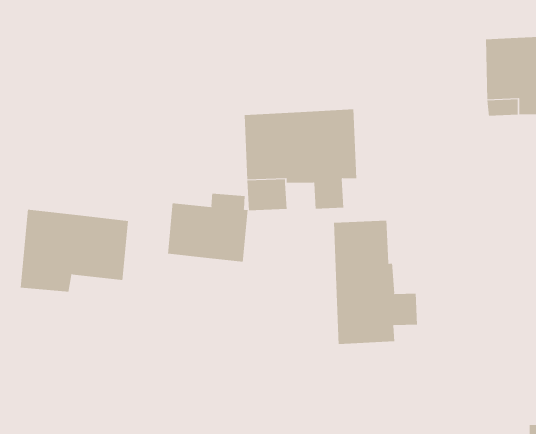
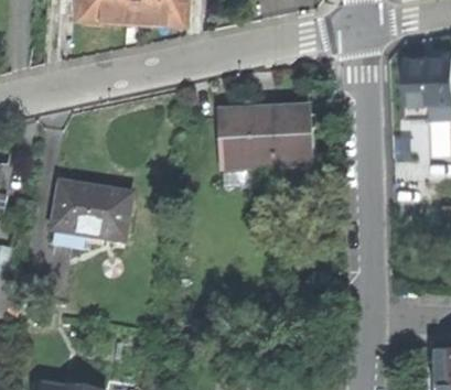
building: [167,193,248,263] -> none
building: [333,220,417,345] -> none

